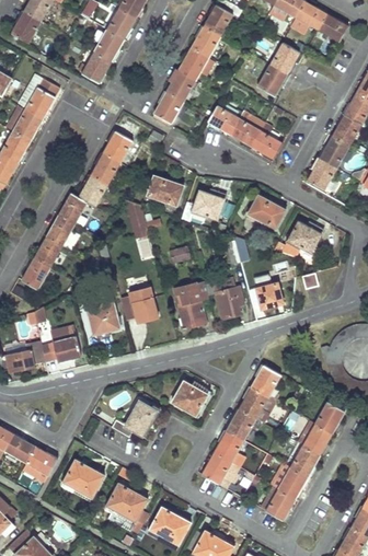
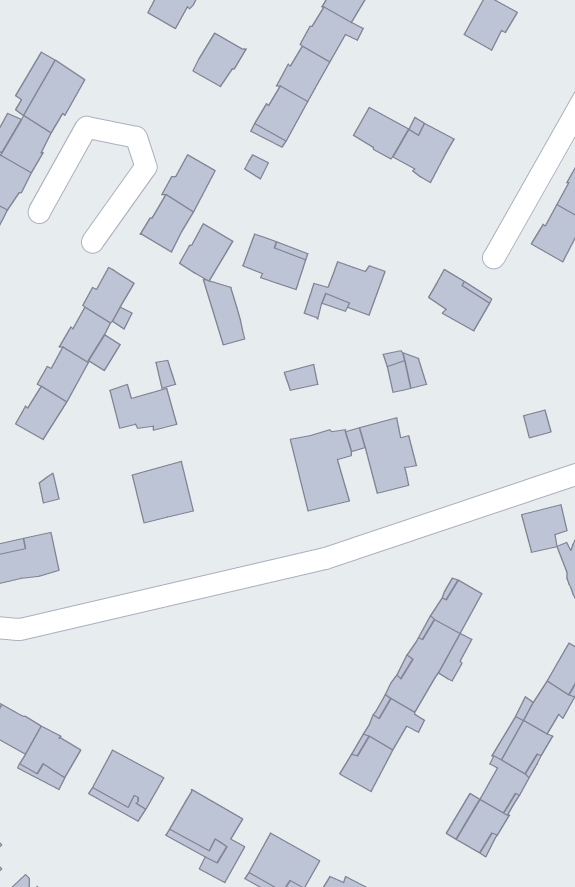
building: [82,53,112,82] -> [193,33,246,87]
building: [257,65,285,96] -> none
building: [252,130,283,159] -> none
building: [78,175,107,207] -> [180,224,233,281]
building: [273,221,323,258] -> none
building: [255,282,280,309] -> [522,505,567,552]
building: [120,296,158,321] -> [110,385,177,430]
building: [53,336,80,362] -> none
building: [172,381,209,415] -> none
building: [111,401,156,437] -> none

